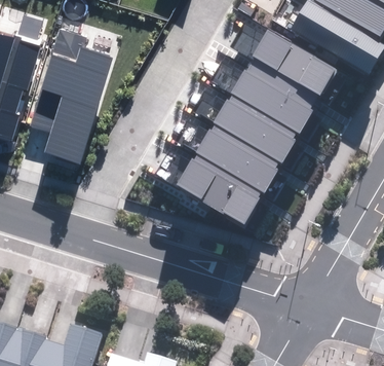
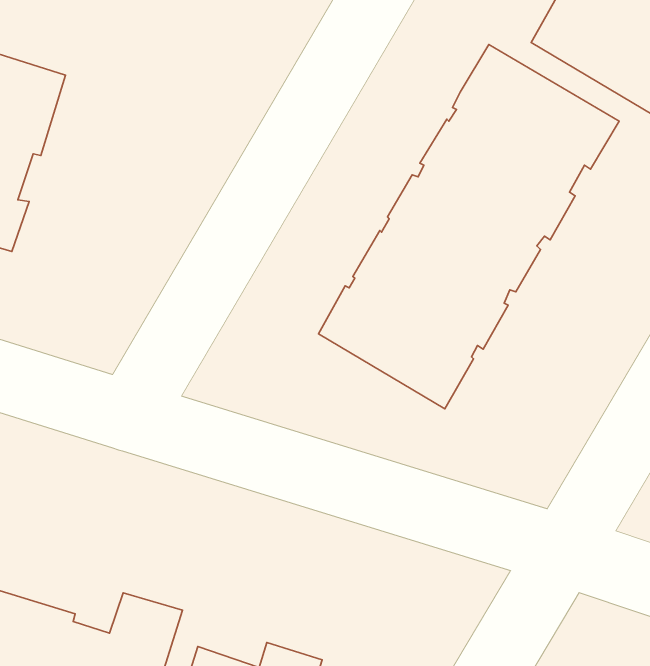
building: [30,30,113,164] -> none

